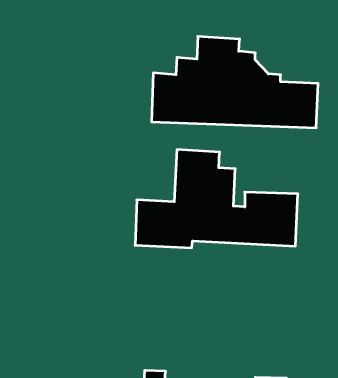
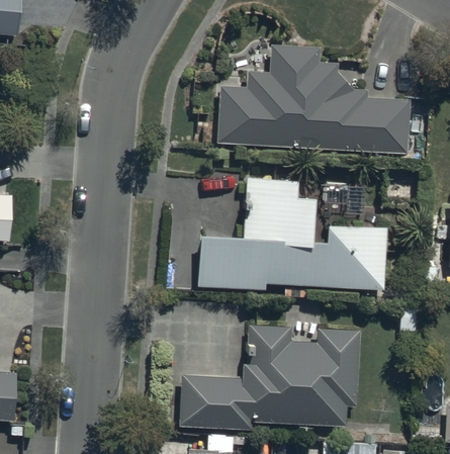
building: none -> [178,327,357,429]

